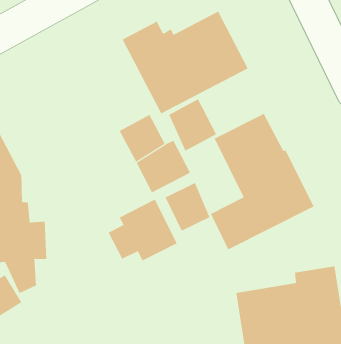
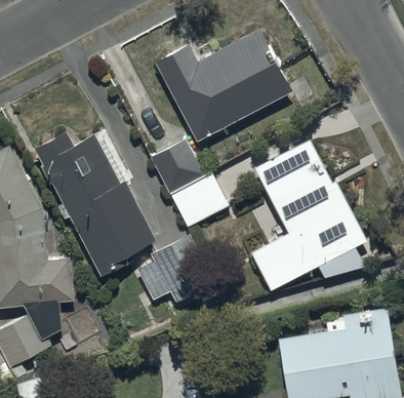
building: [168,99,217,151] -> none
building: none -> [33,130,162,275]
building: [165,182,210,232] -> none

